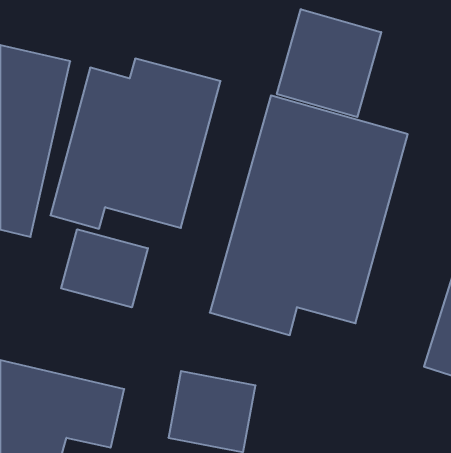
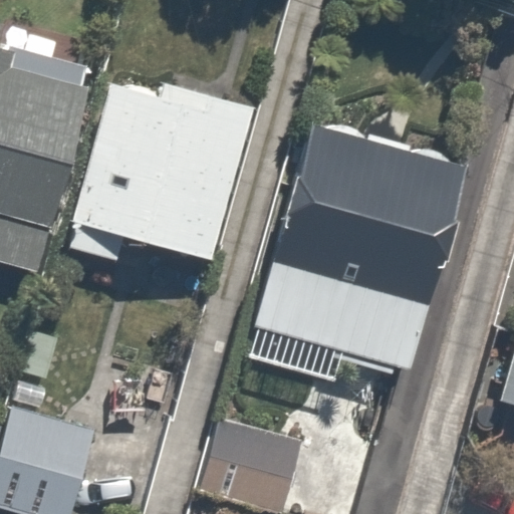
building: [277,9,381,117] -> none
building: [61,229,148,307] -> none

